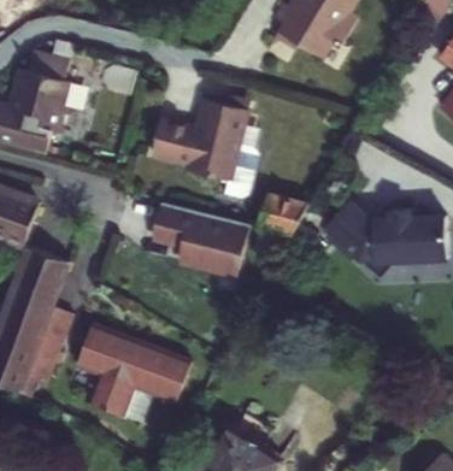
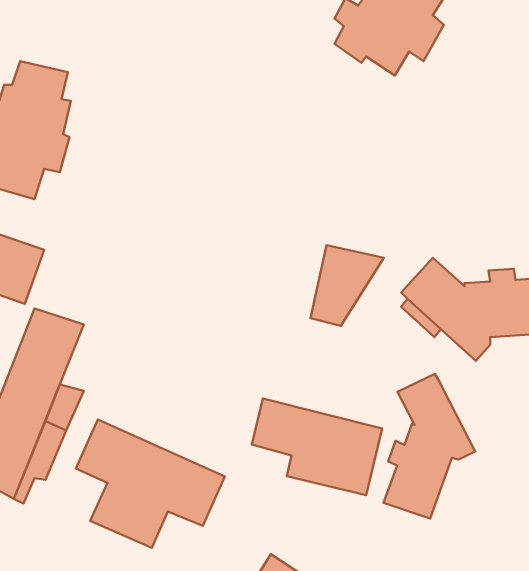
building: [149,101,257,202] -> none
building: [149,202,248,276] -> [252,399,382,495]
building: none -> [384,374,475,518]

